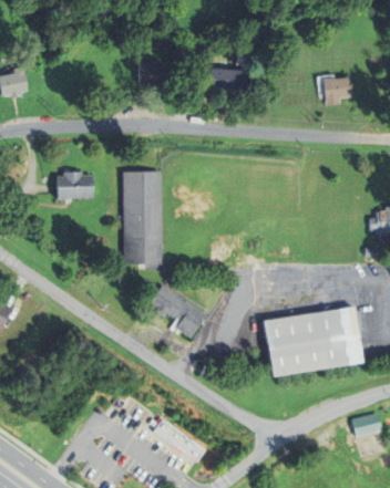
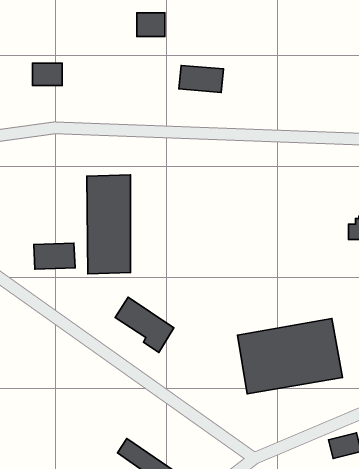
building: [138,64,165,86] -> [137,13,165,36]
building: [317,77,351,100] -> none
building: [55,174,94,198] -> [34,243,75,269]

